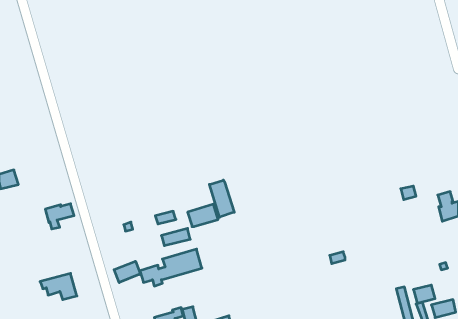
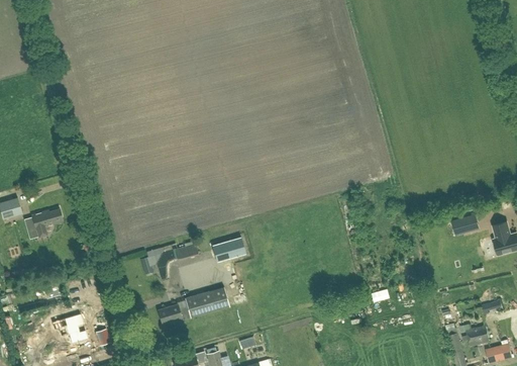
building: [209,180,234,217] -> none
building: [45,204,74,229] -> [31,208,64,237]
building: [114,261,140,283] -> none

